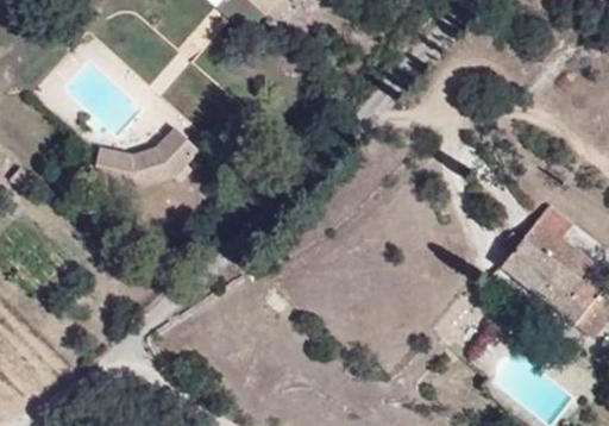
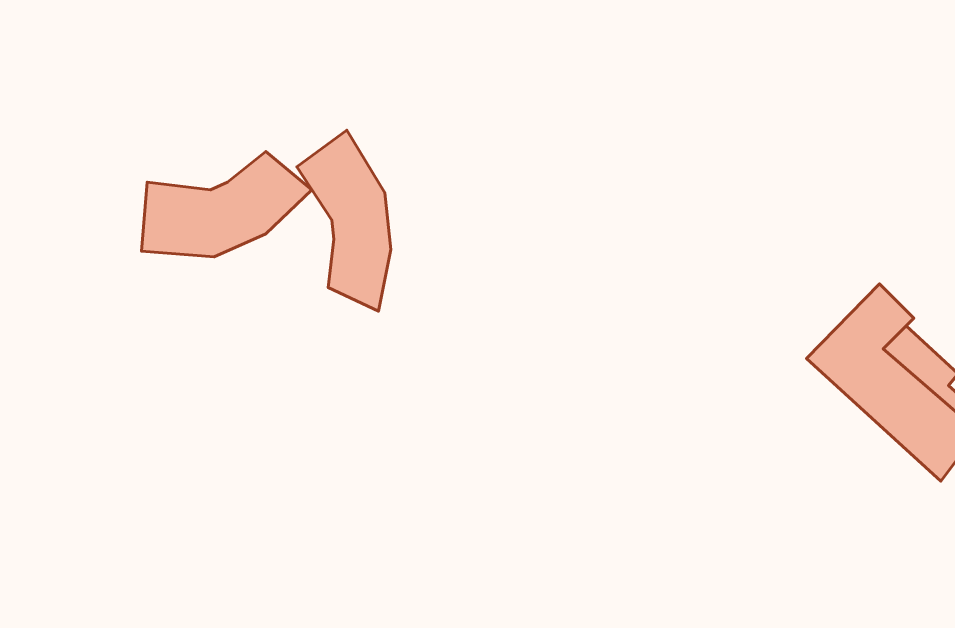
building: none -> [297,130,391,311]

